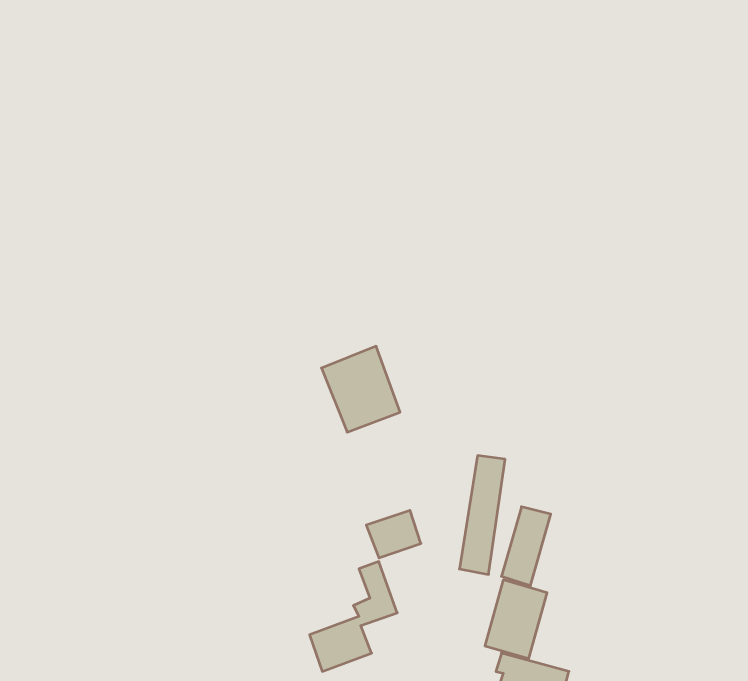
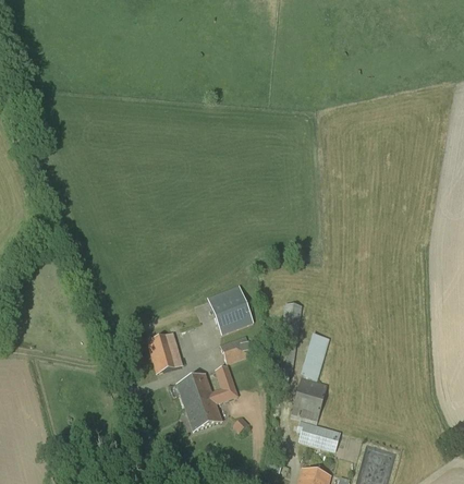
building: [321,346,400,432] -> [206,283,253,335]
building: none -> [146,331,182,371]
building: none -> [176,373,215,409]

